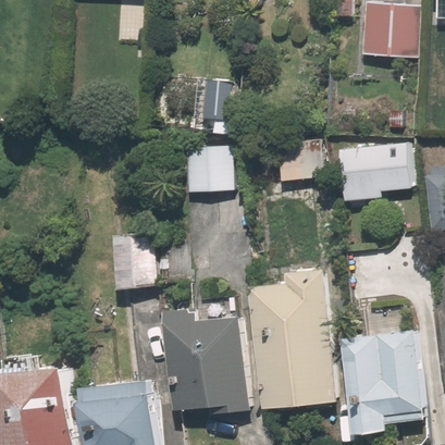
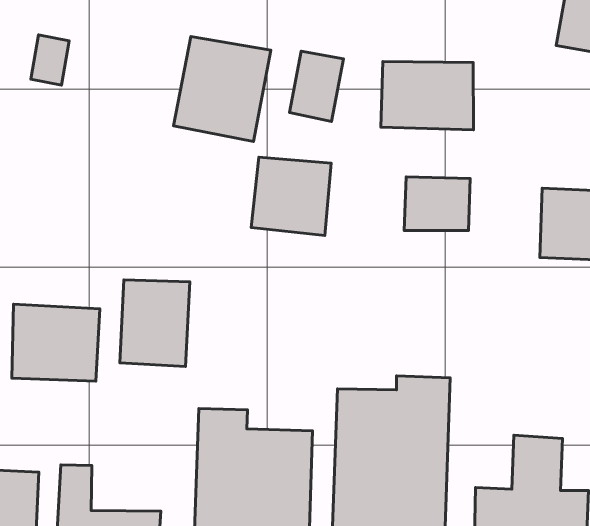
building: none -> [381,62,474,130]
building: none -> [174,37,271,142]
building: none -> [12,304,100,381]

